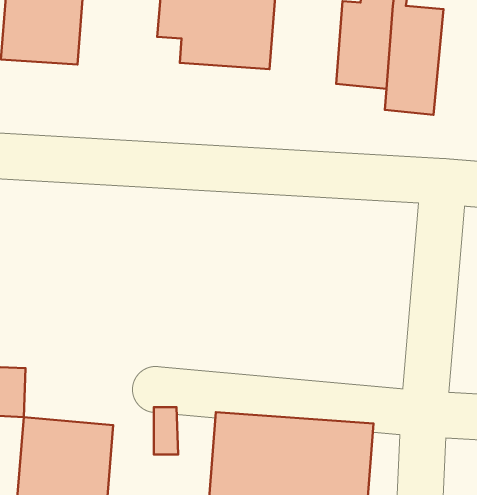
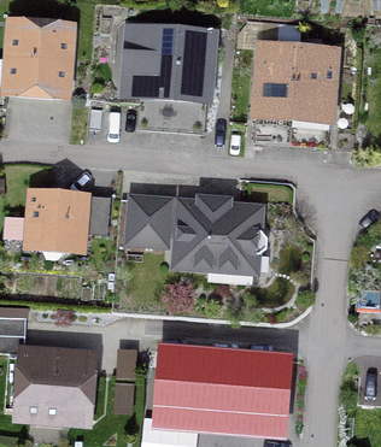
building: none -> [25,190,107,246]
building: none -> [175,198,265,270]
building: none -> [128,199,168,243]

